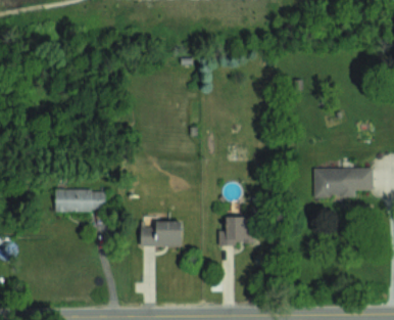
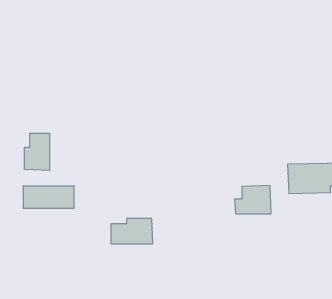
building: none -> [25,133,50,171]
building: [217,216,253,243] -> [235,186,271,214]

